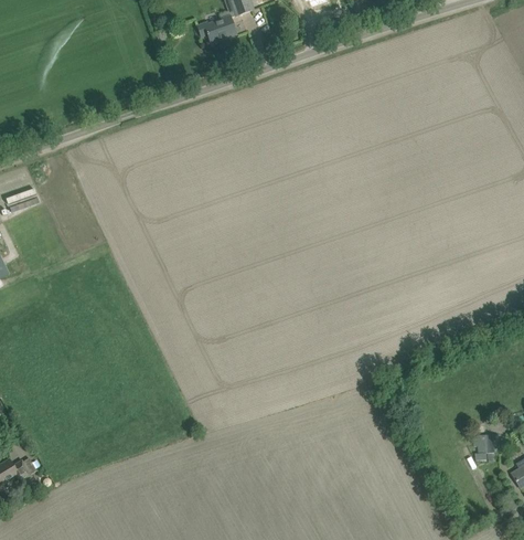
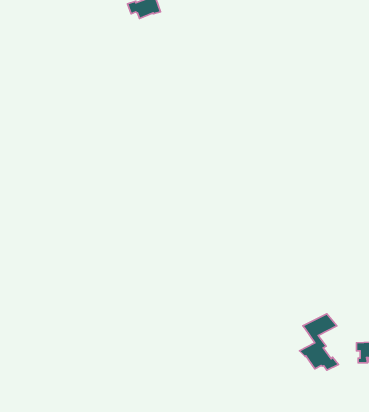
building: none -> [299,314,338,370]

